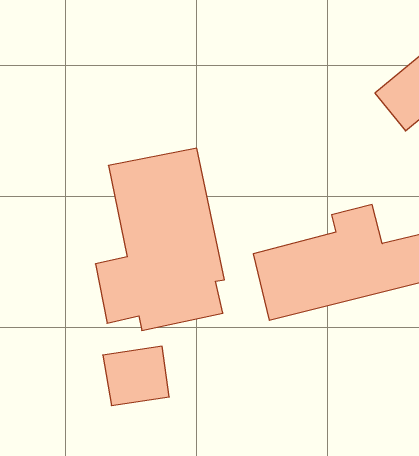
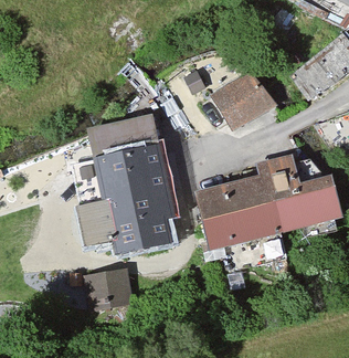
building: none -> [212,67,277,131]

